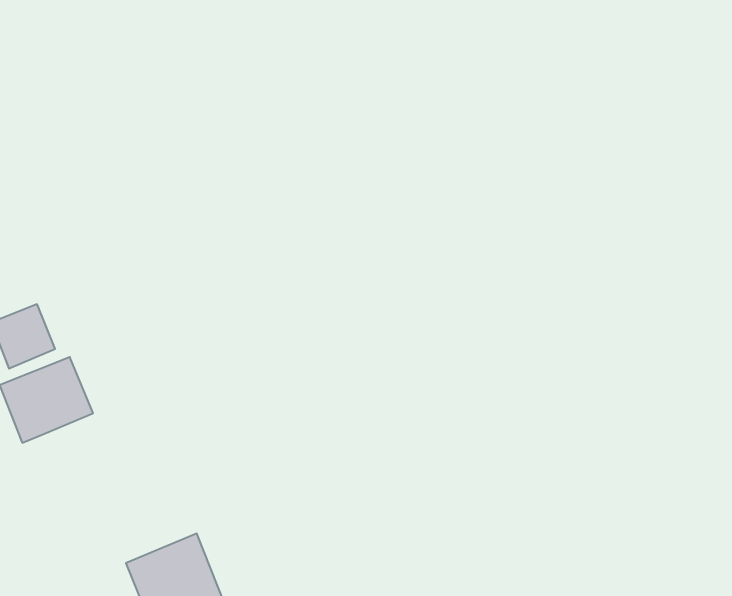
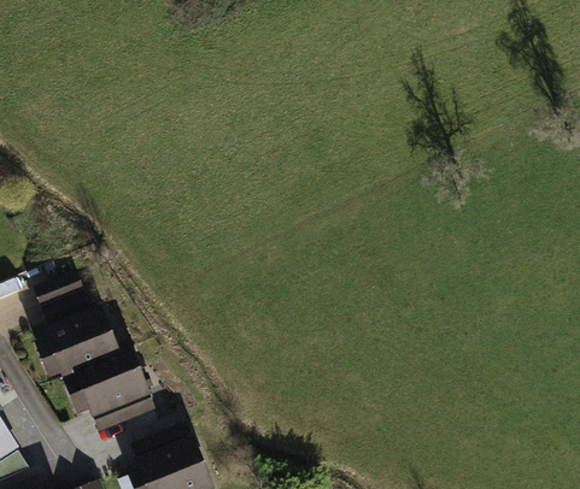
building: none -> [69,349,143,414]

